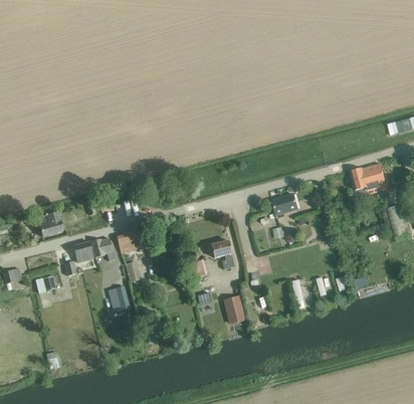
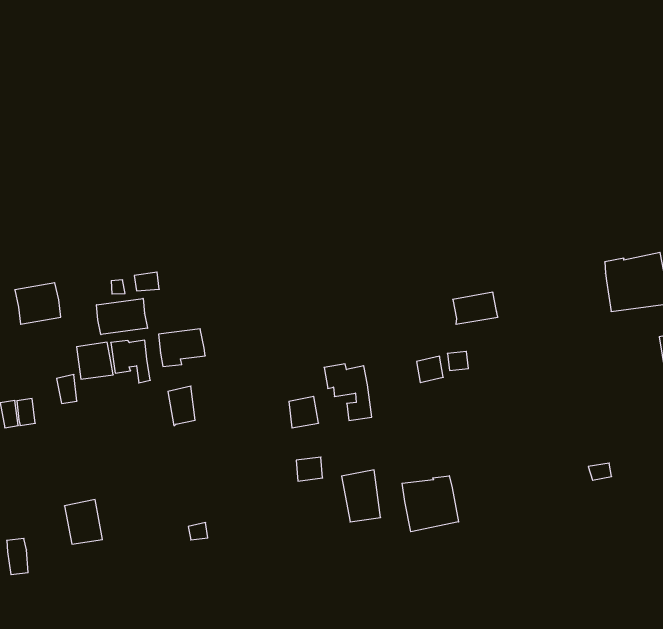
building: none -> [97,298,148,335]
building: [108,285,130,311] -> [64,500,102,544]
building: none -> [402,476,459,532]

